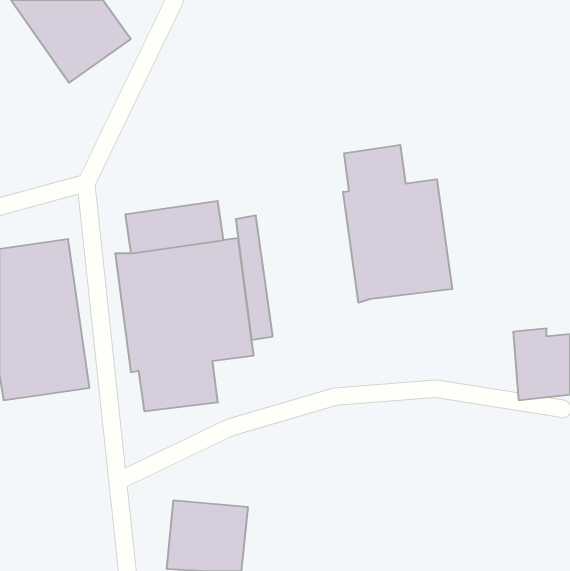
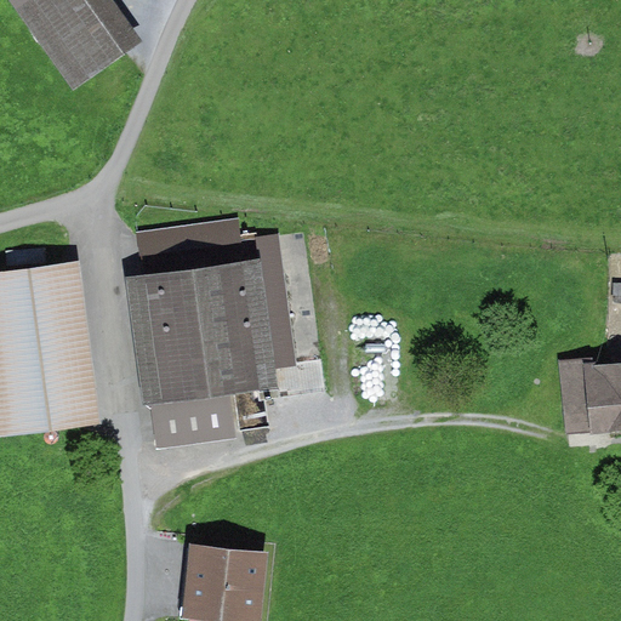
building: [343,145,452,303] -> none

